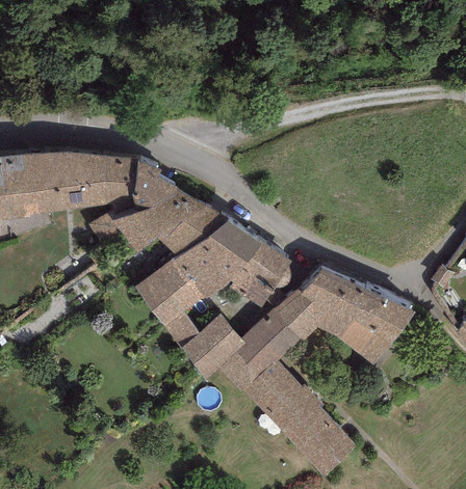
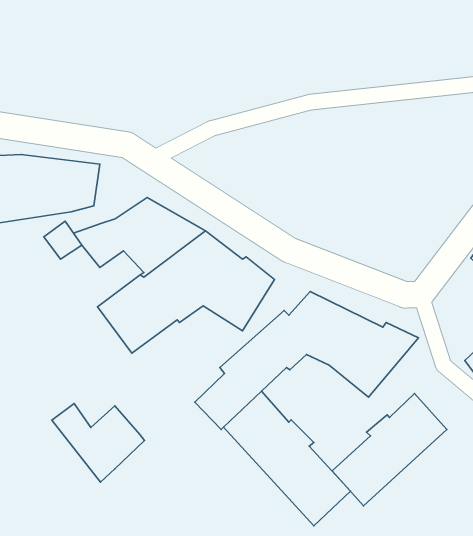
building: [132,160,180,212] -> none
building: [165,310,247,379] -> [52,404,144,482]
building: none -> [332,393,447,506]

